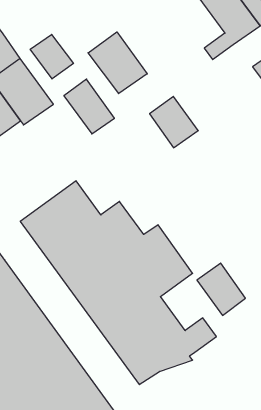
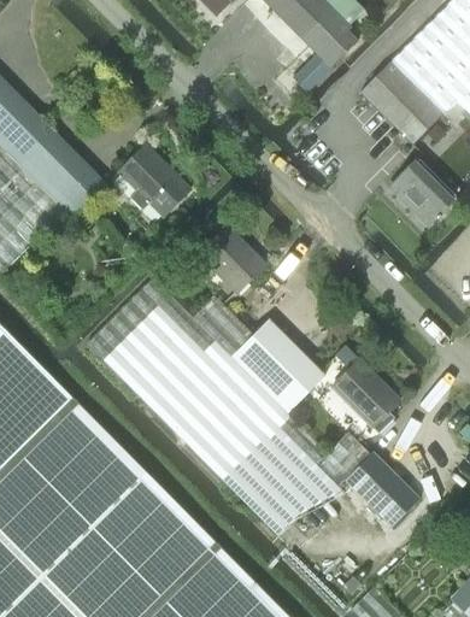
building: [88,32,147,94] -> none
building: [30,34,73,79] -> none
building: [150,96,198,148] -> [196,225,264,293]
building: none -> [342,452,418,529]

